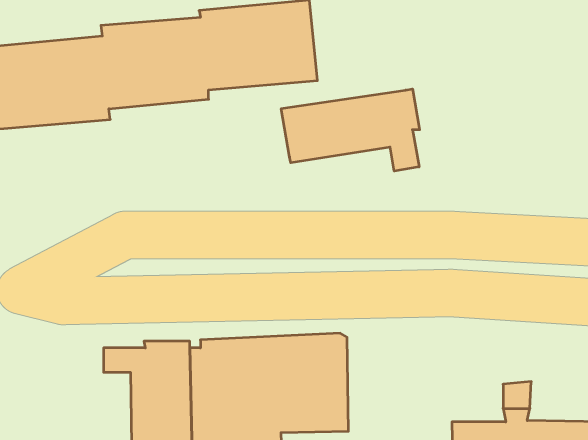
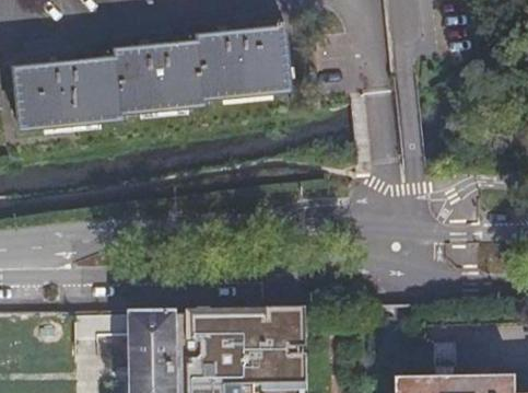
building: [281,89,420,171] -> none

